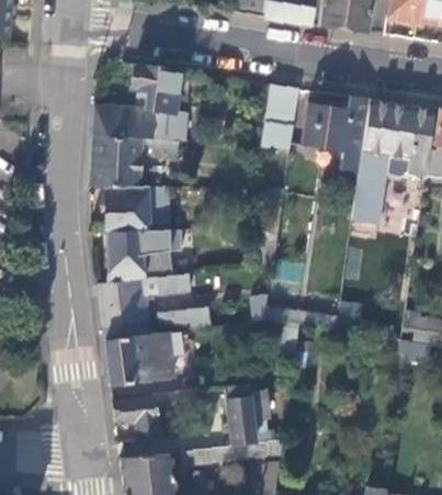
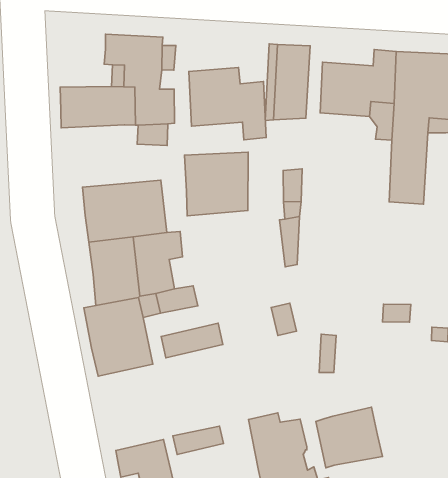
building: none -> [189,68,266,140]
building: [91,136,145,185] -> [184,152,248,216]
building: [105,330,174,384] -> none
building: none -> [316,407,382,468]

